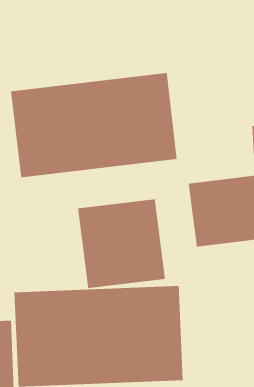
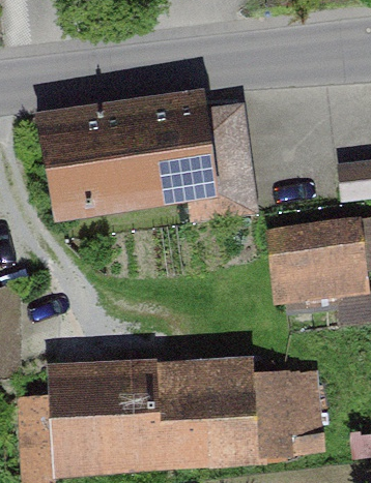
building: [78,198,166,289] -> none
building: none -> [255,370,326,464]

